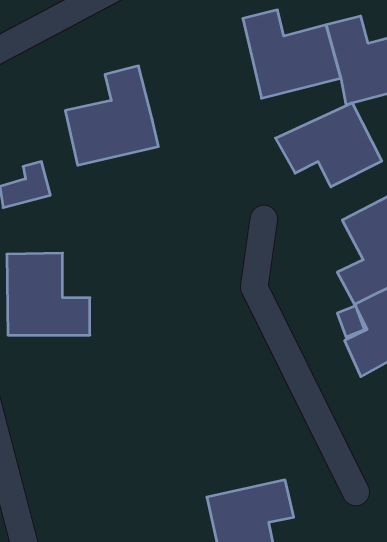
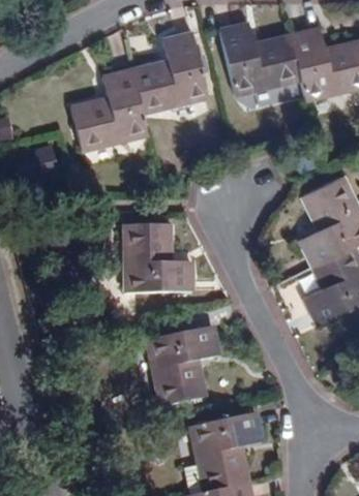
building: none -> [132,31,208,113]
building: [275,103,382,187] -> none
building: [7,253,90,335] -> [123,224,192,292]
building: none -> [147,327,218,406]

